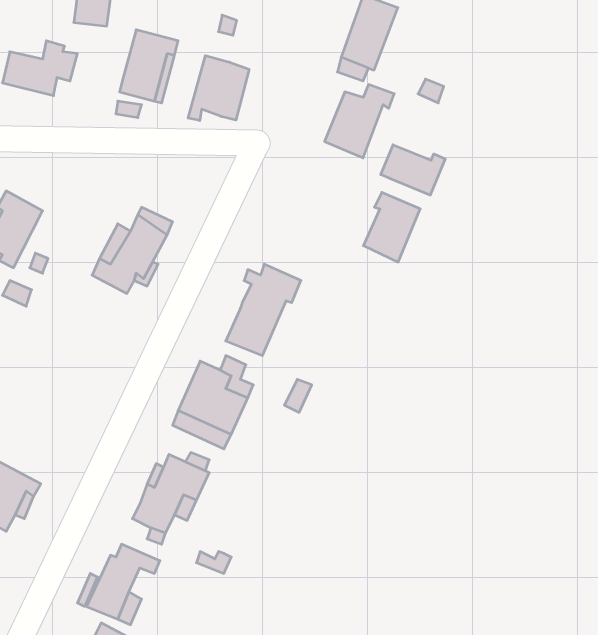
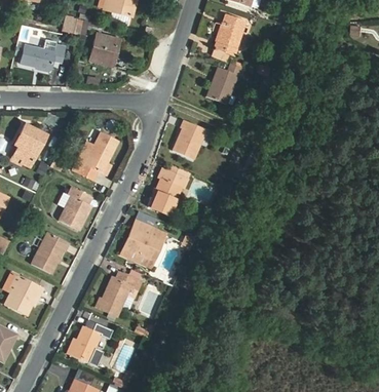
building: [188,56,249,121] -> none
building: [381,145,445,195] -> none
building: [363,192,420,262] -> [172,118,203,157]
building: none -> [59,184,90,228]
building: none -> [31,232,66,274]

